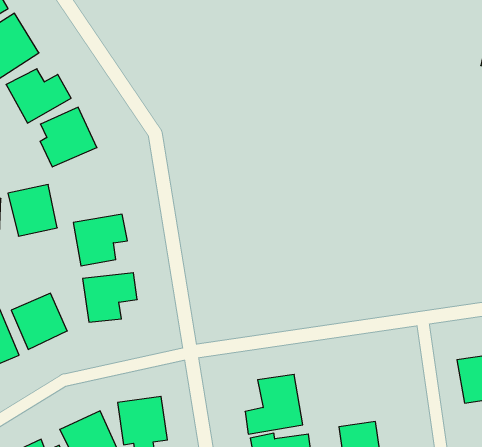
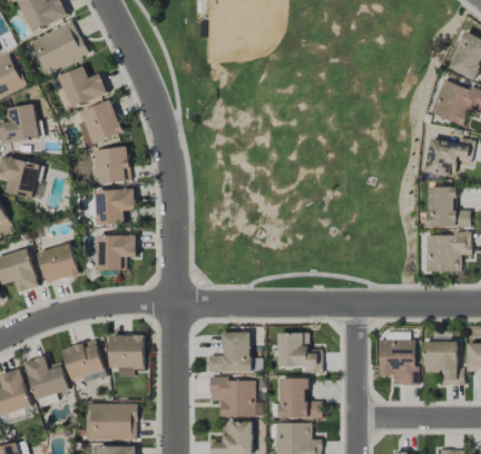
building: [8,185,57,236] -> [95,147,129,184]
building: none -> [277,333,321,373]

